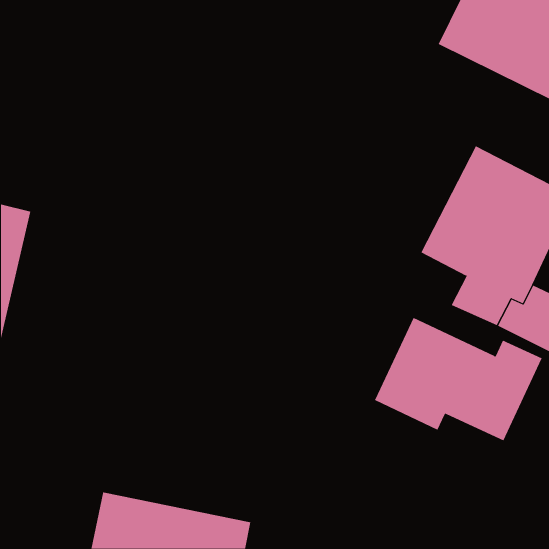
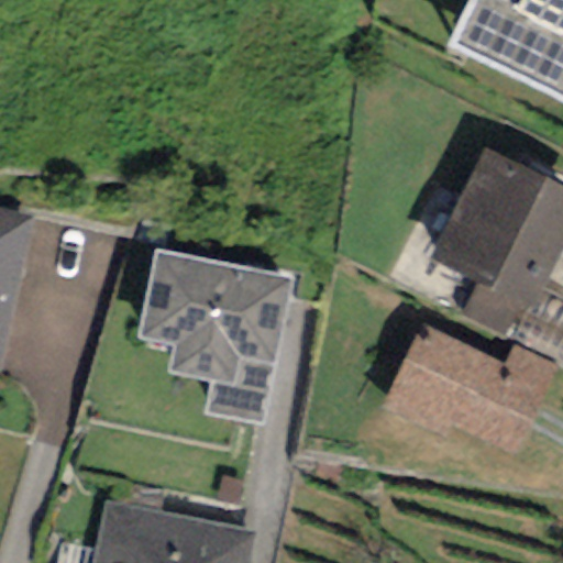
building: none -> [139,249,294,422]

